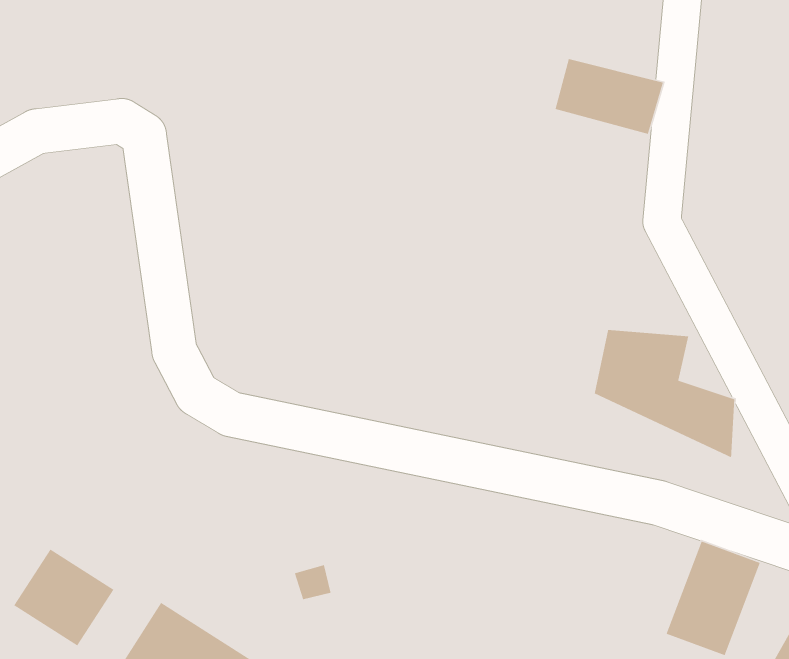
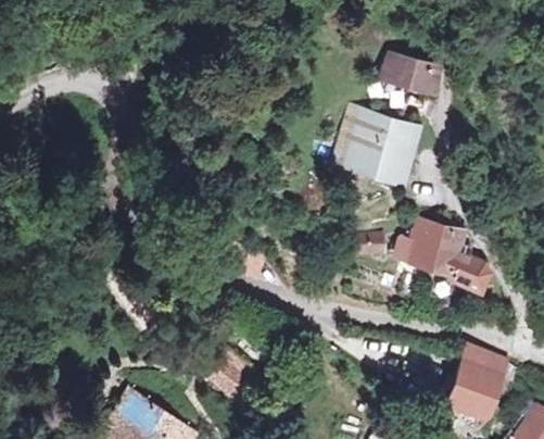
building: none -> [334,110,421,189]
building: [13,548,114,647] -> none

